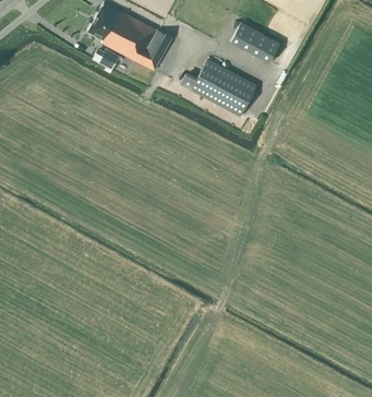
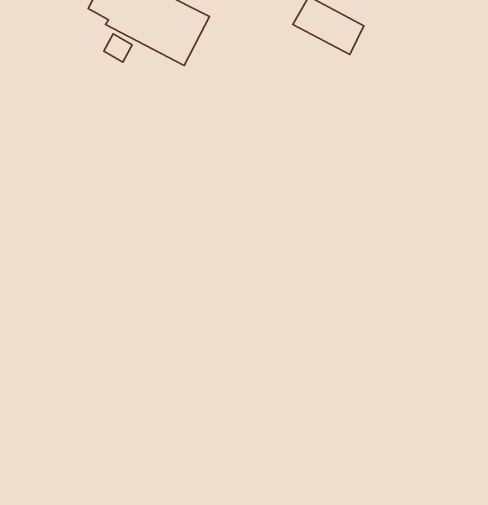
building: [192,59,259,118] -> none

